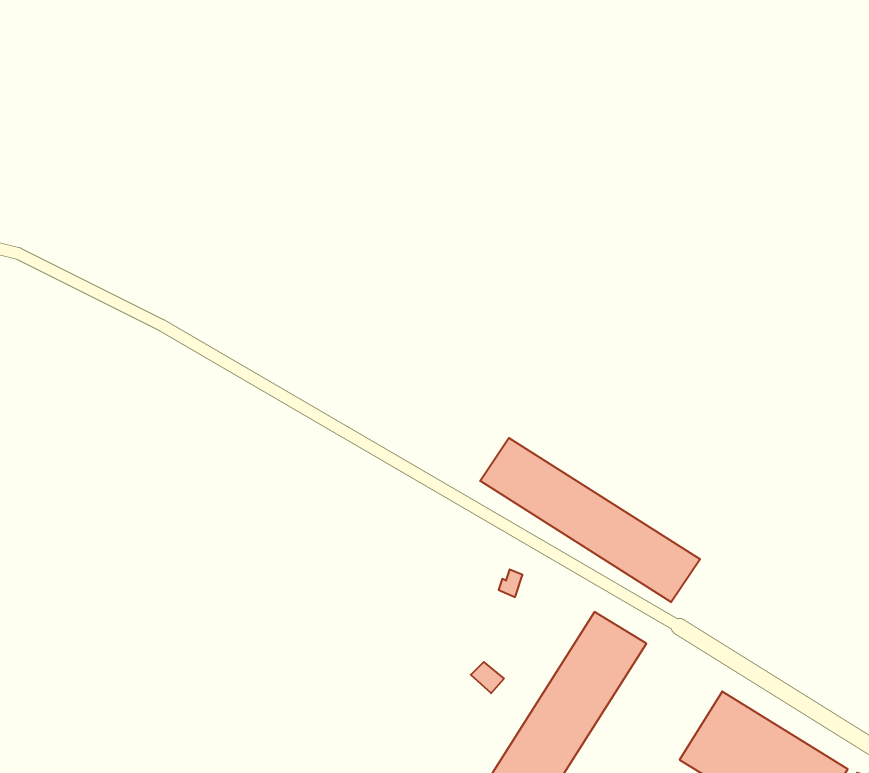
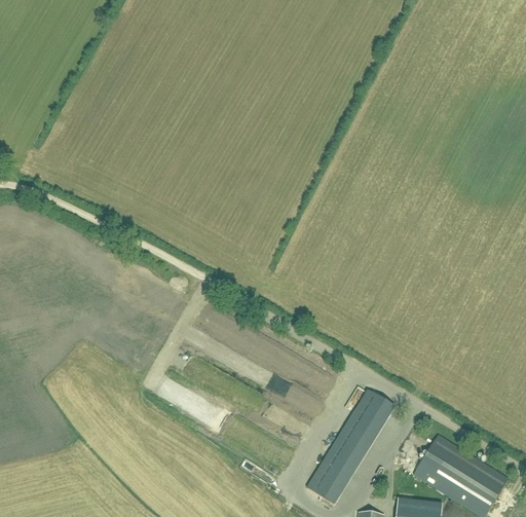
building: [480,438,700,602] -> none

